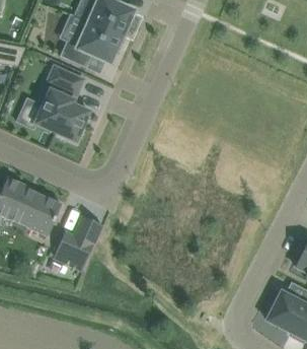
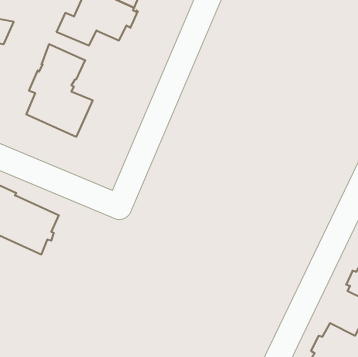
building: [53,216,102,270] -> none

